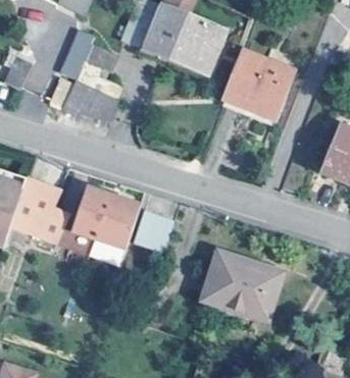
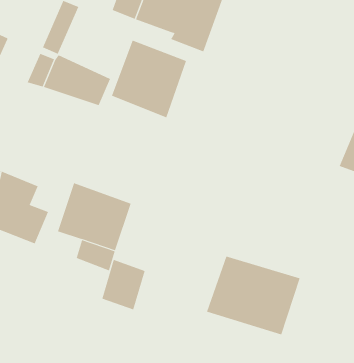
building: [223,48,290,116] -> [111,40,187,118]
building: [134,209,172,254] -> [101,259,146,310]

